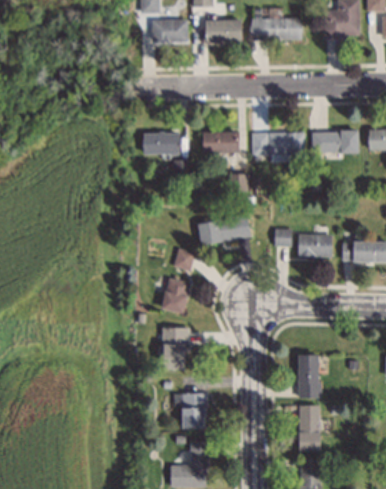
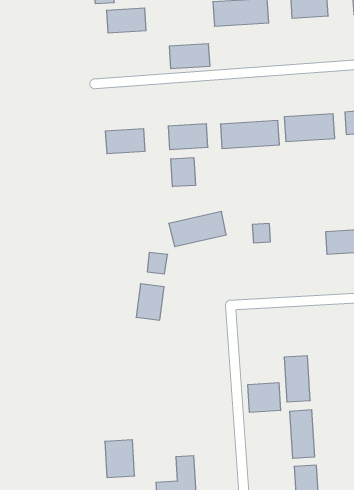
building: [204,20,241,41] -> [169,44,210,69]
building: none -> [171,158,195,187]
building: [297,235,332,256] -> none
building: [162,327,187,368] -> none
building: none -> [248,383,281,412]
building: [181,394,207,428] -> [105,440,135,478]

